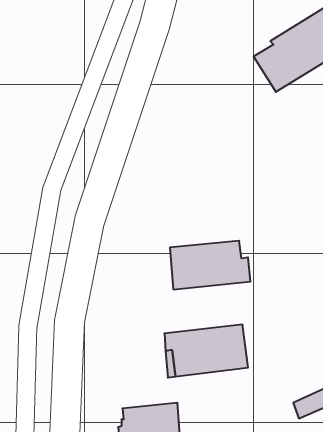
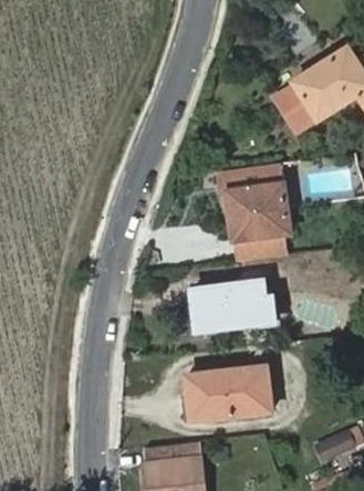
building: none -> [221,161,291,262]

